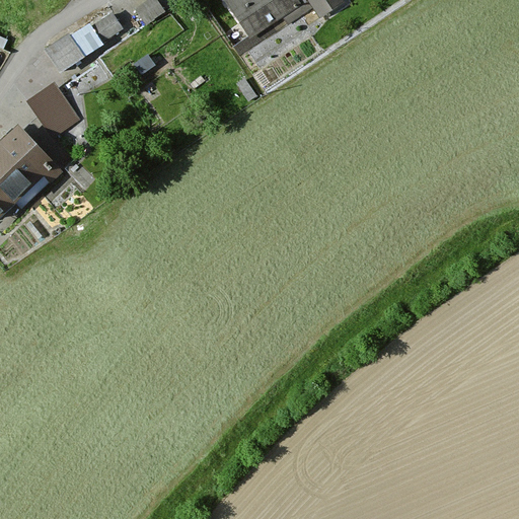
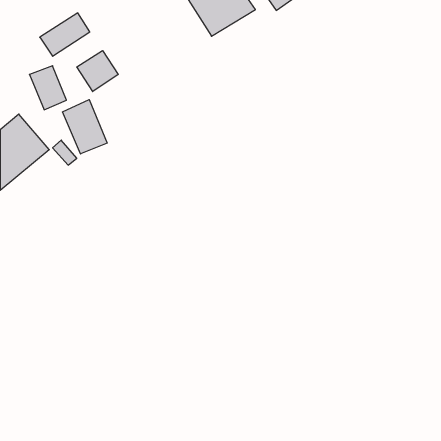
building: none -> [77,51,118,92]
building: none -> [63,100,107,154]

